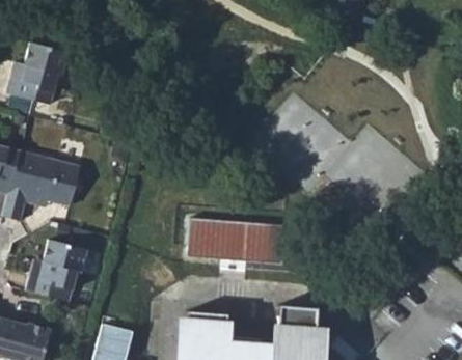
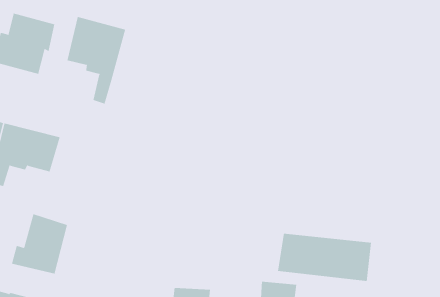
building: none -> [67,16,126,105]
building: [187,219,282,268] -> [277,233,372,282]

